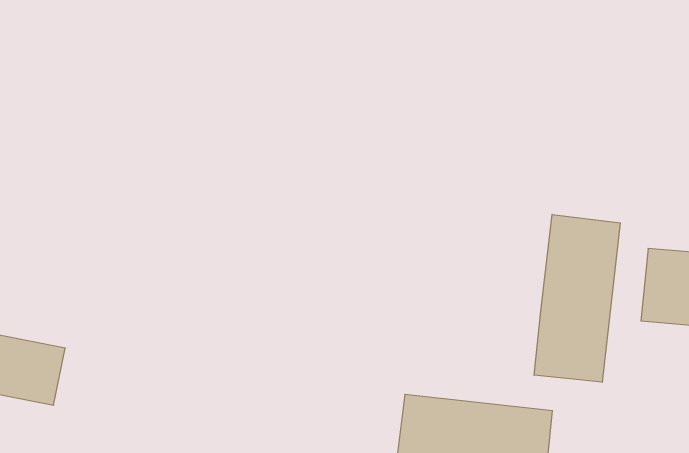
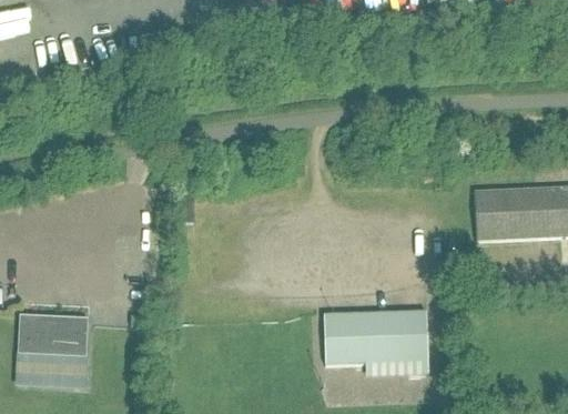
building: [534,214,620,382] -> none

